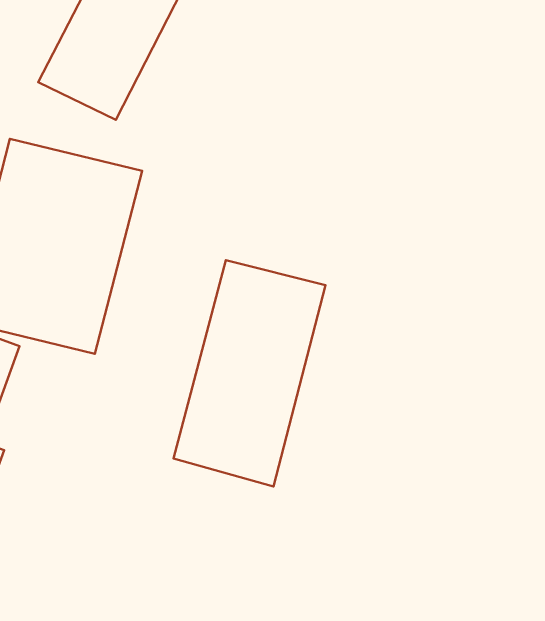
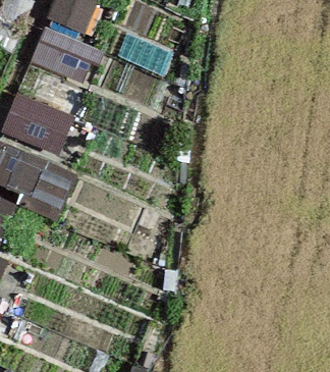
building: [174,260,326,486] -> none

